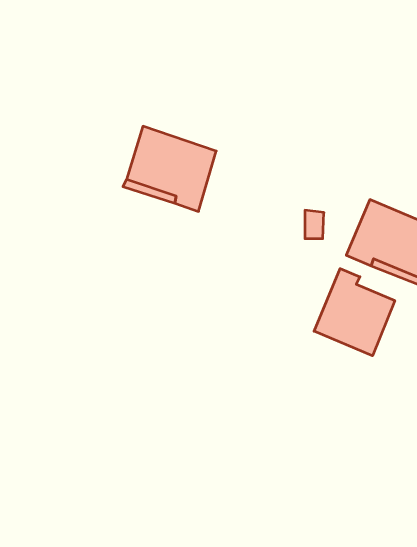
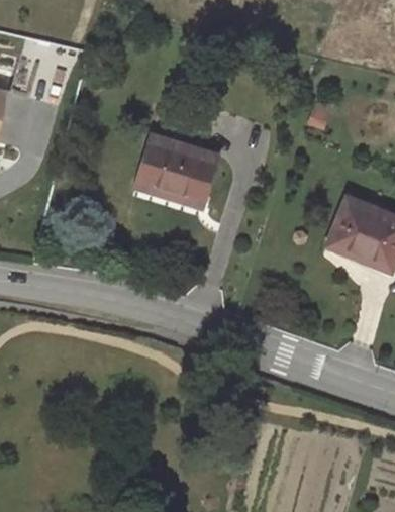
building: [314,269,395,356] -> none

